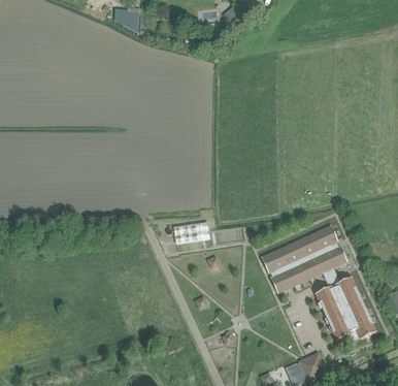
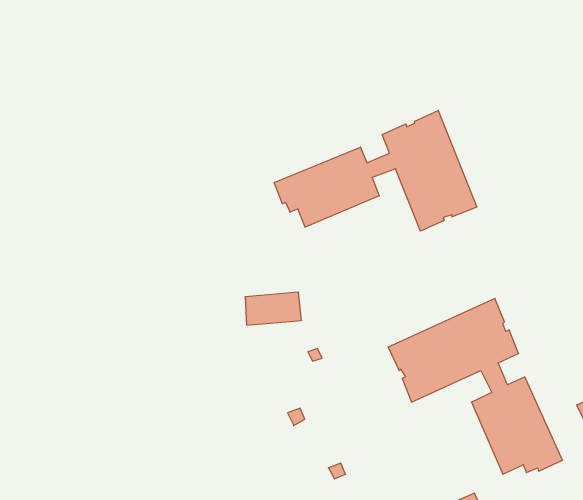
building: none -> [274,110,477,231]

